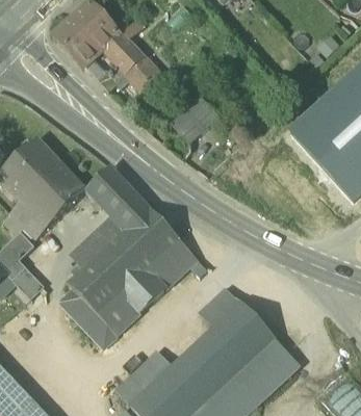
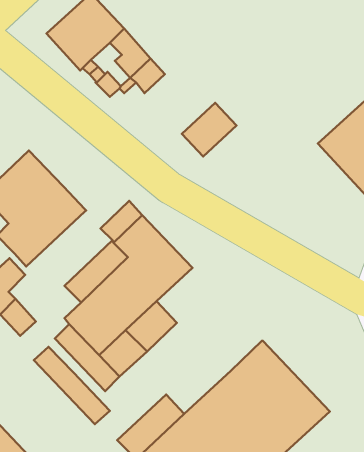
building: [86,166,125,205] -> none
building: [149,239,198,287] -> none
building: [198,286,240,329] -> none
building: none -> [34,347,110,424]

